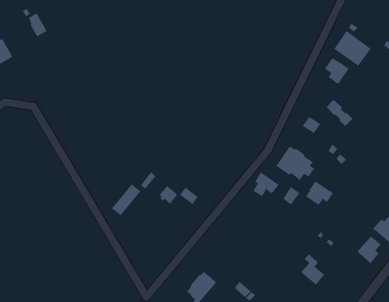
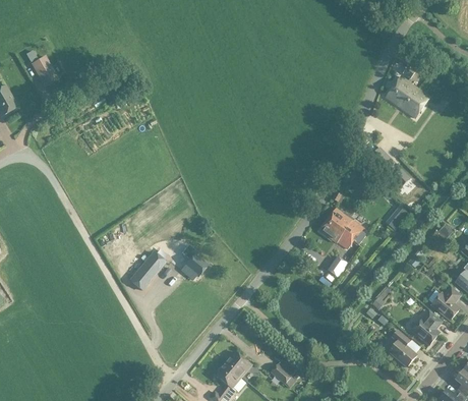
building: [324,57,349,85] -> none
building: [253,172,280,197] -> none
building: [305,180,334,206] -> none
building: [300,254,325,285] -> [388,330,416,366]

